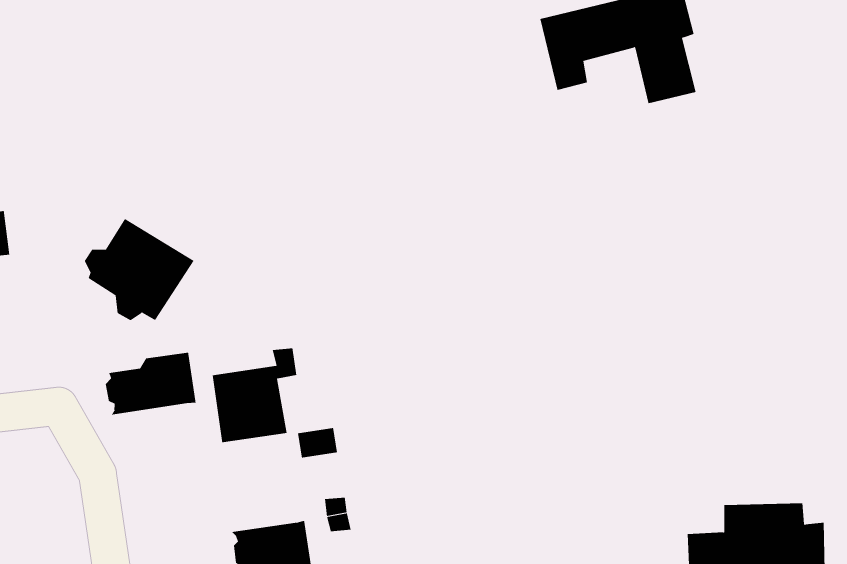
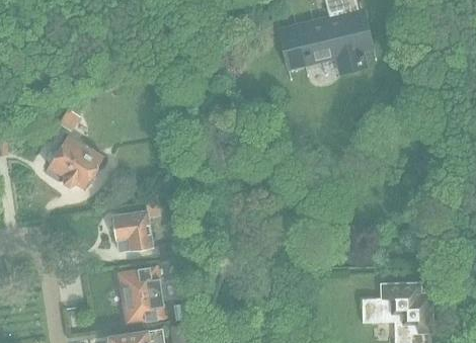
building: [105,352,196,415] -> none
building: none -> [121,266,161,298]

